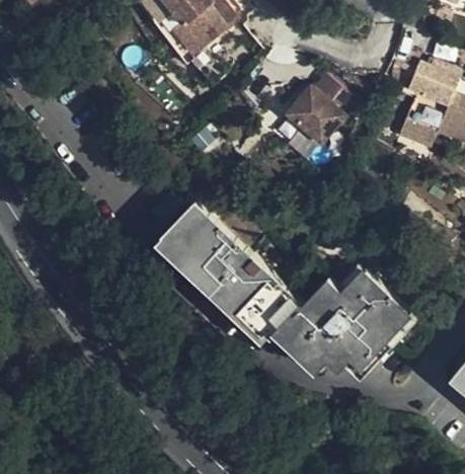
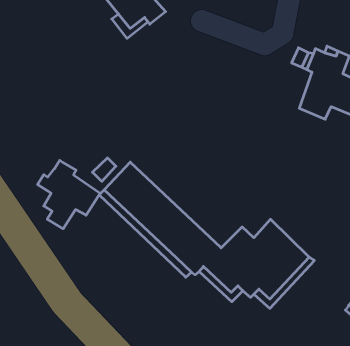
building: [285,78,354,146] -> none
building: none -> [38,160,100,229]

